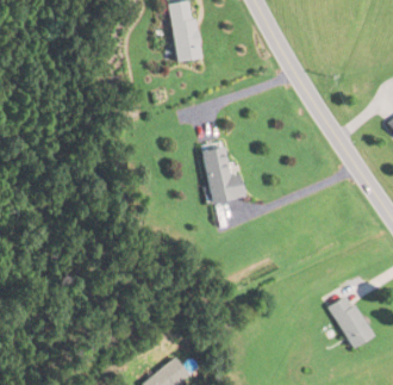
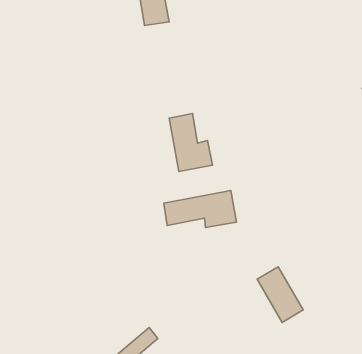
building: none -> [164,191,237,228]
building: [330,294,374,348] -> [257,267,303,322]

